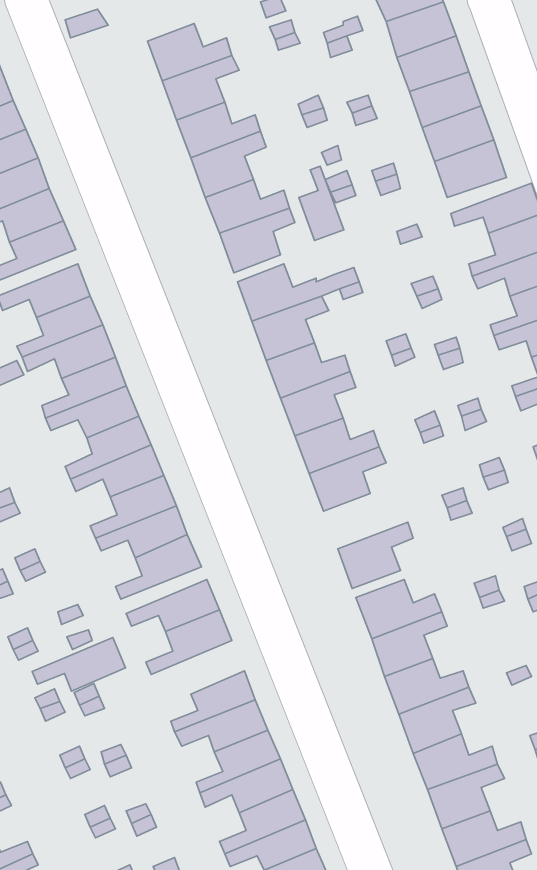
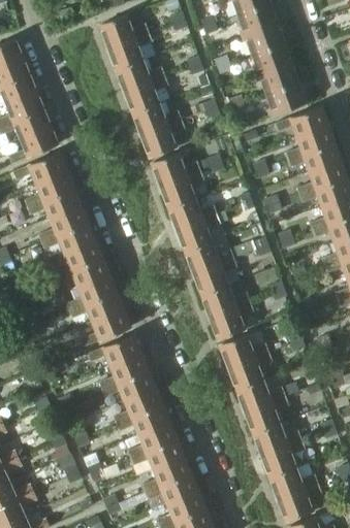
building: [299,166,344,241] -> none
building: none -> [201,285,250,317]
building: [32,637,125,691] -> [102,369,156,400]

